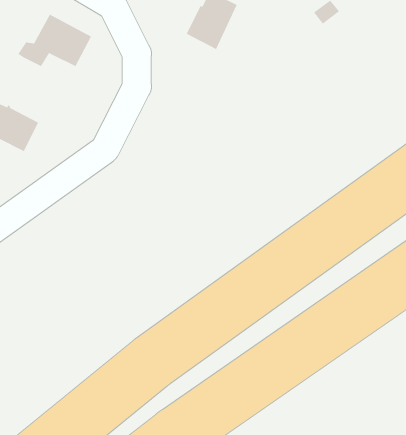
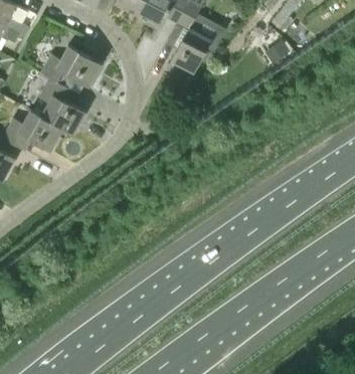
building: none -> [37,78,83,133]

